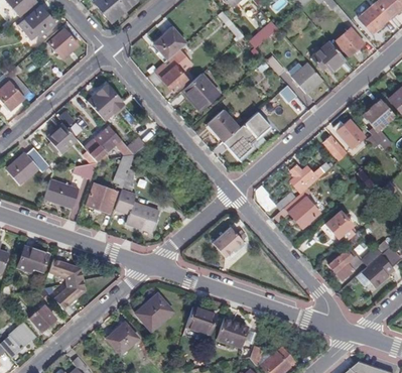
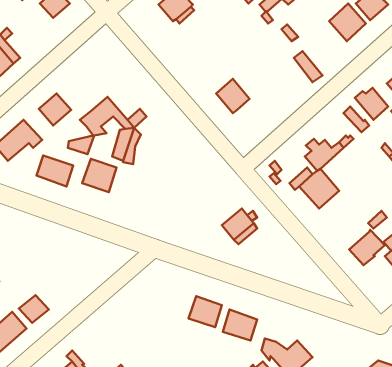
building: [154,57,187,91] -> none
building: [291,65,322,95] -> none
building: [182,74,220,110] -> none
building: [90,84,127,118] -> none
building: [228,110,273,157] -> none
building: [115,192,159,231] -> none
building: [324,210,355,238] -> none
building: [16,247,48,272] -> none
building: [49,260,86,309] -> none
building: [136,293,173,331] -> none
building: [107,323,138,353] -> none

